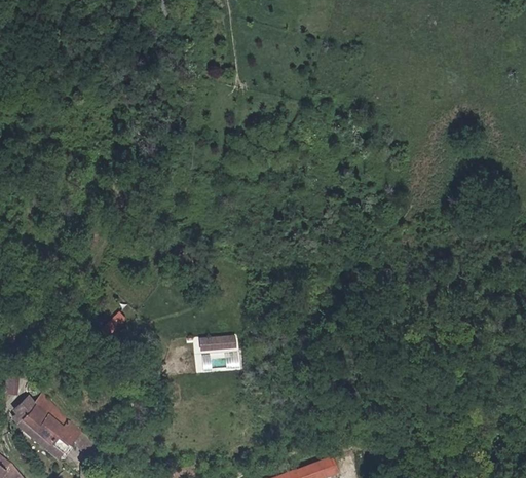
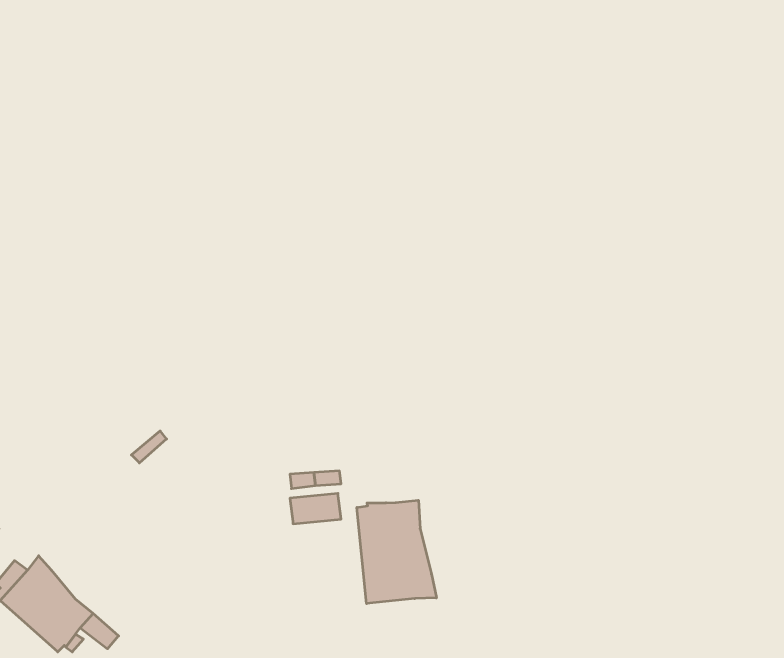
building: none -> [357,500,436,604]

